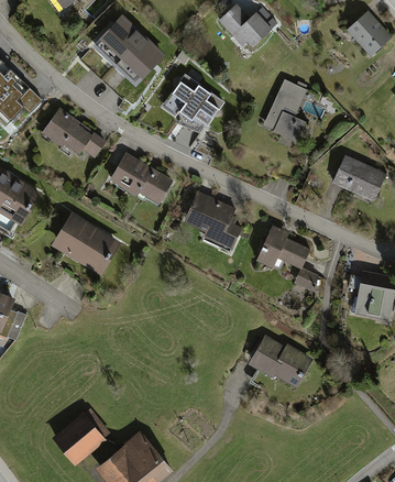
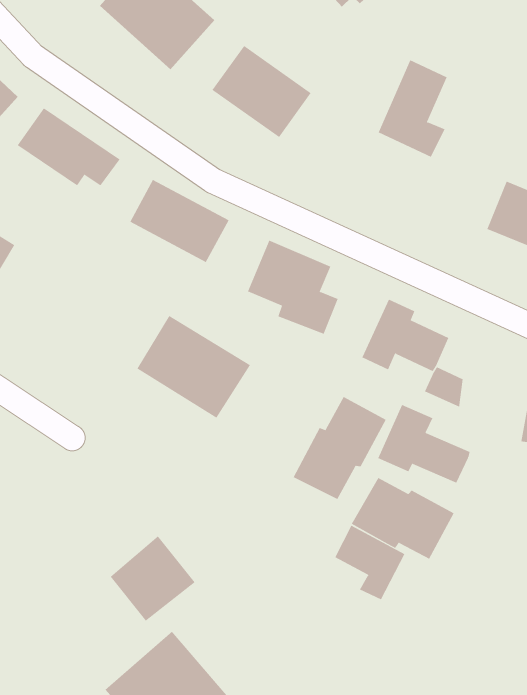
building: [51,212,121,276] -> [137,315,251,419]
building: none -> [293,396,386,500]
building: none -> [377,404,470,483]
building: none -> [335,525,405,600]
building: [51,412,103,464] -> [110,536,196,621]

